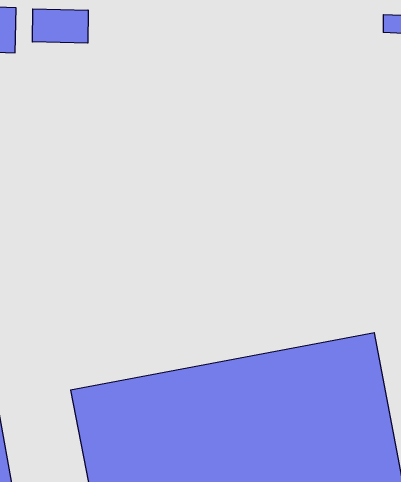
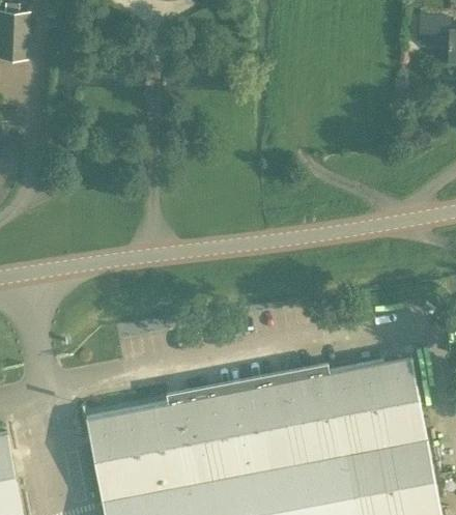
building: [32,9,88,43] -> none

